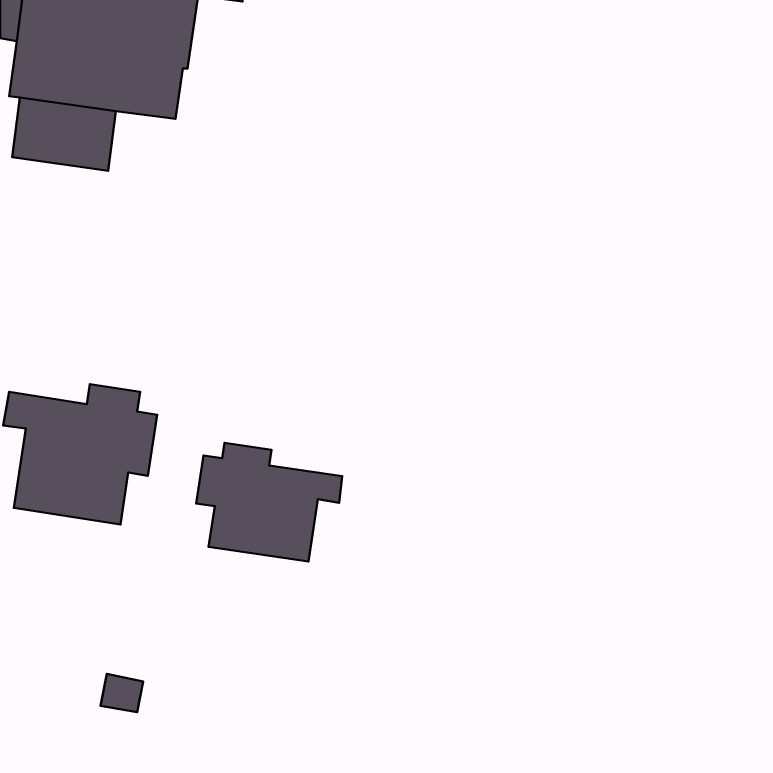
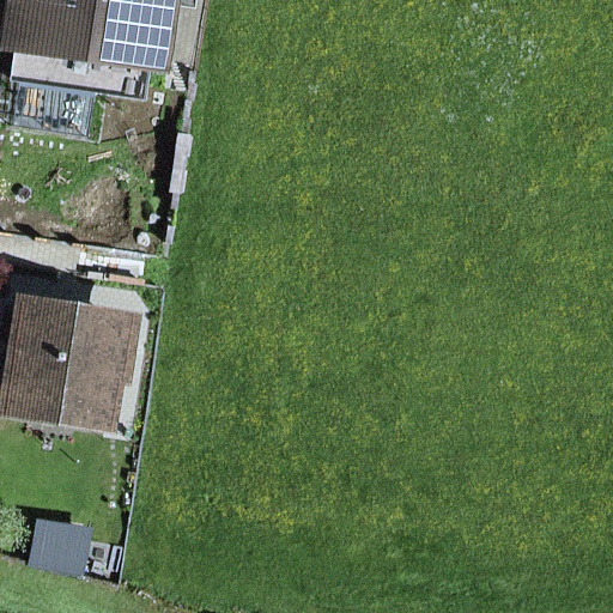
building: [196,443,342,562] -> none

